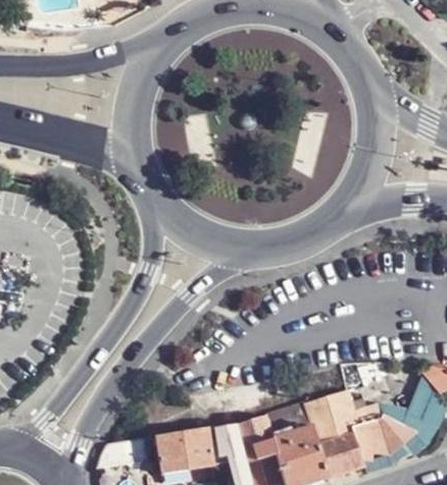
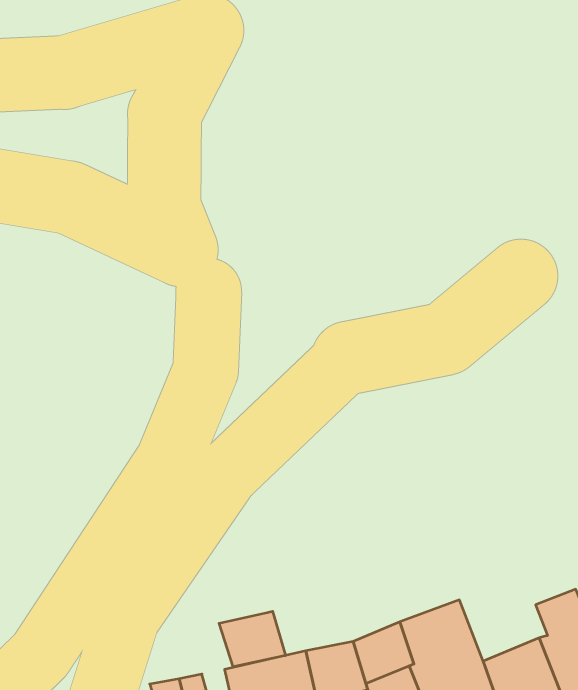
building: [304,389,357,441] -> none
building: none -> [219,611,285,667]

